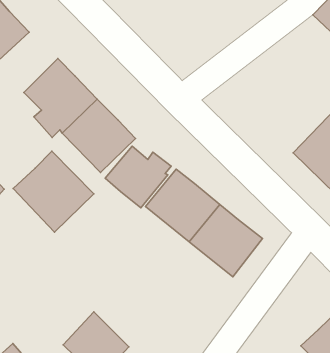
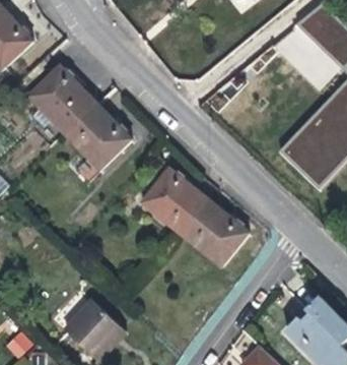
building: [105,146,171,208] -> none
building: [13,151,94,232] -> none

